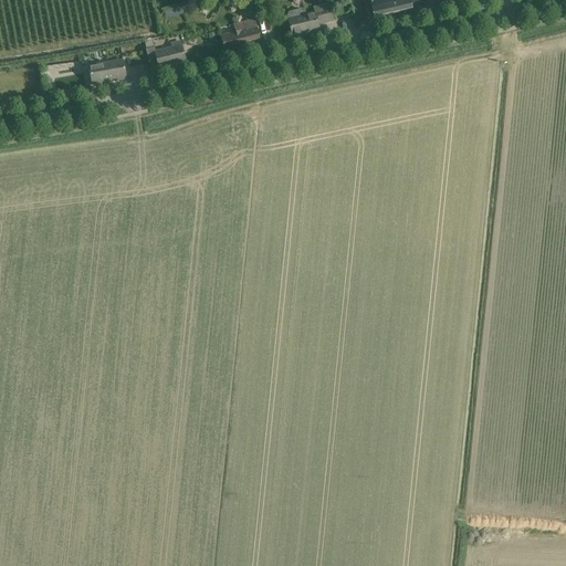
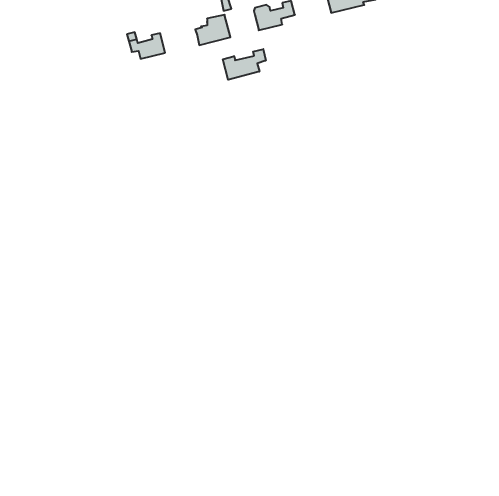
building: none -> [223,49,266,80]
building: [90,57,126,81] -> none

